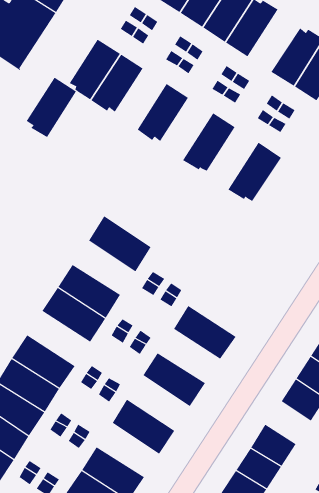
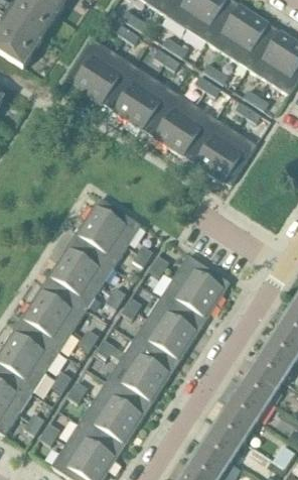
building: none -> [227,12,273,68]
building: [26,77,77,138] -> [109,65,154,119]
building: none -> [149,91,195,146]
building: none -> [190,117,236,172]
building: none -> [70,218,127,266]
building: none -> [173,253,231,304]
building: none -> [30,280,87,330]
building: none -> [146,296,202,345]
building: none -> [119,338,175,387]
building: none -> [242,361,283,399]
building: none -> [92,380,148,429]

